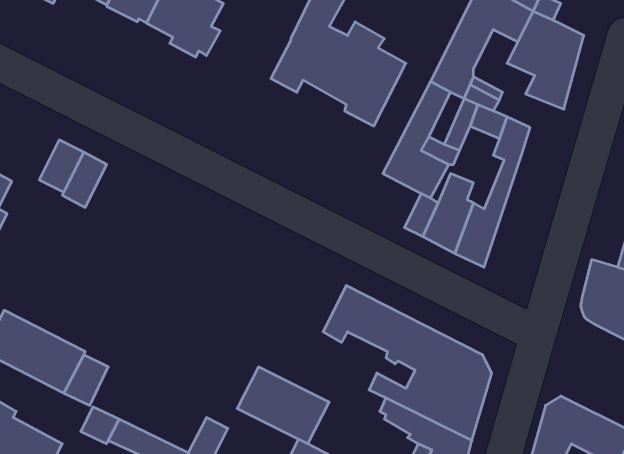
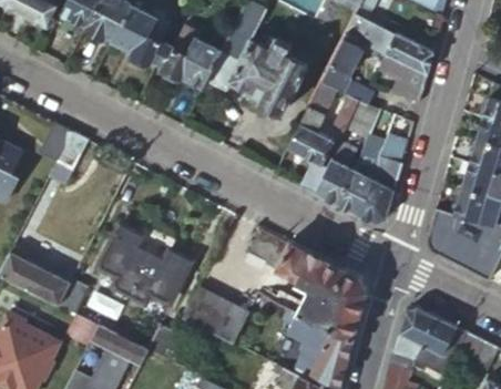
building: none -> [160,28,221,86]
building: none -> [360,133,407,224]
building: none -> [100,226,192,304]

